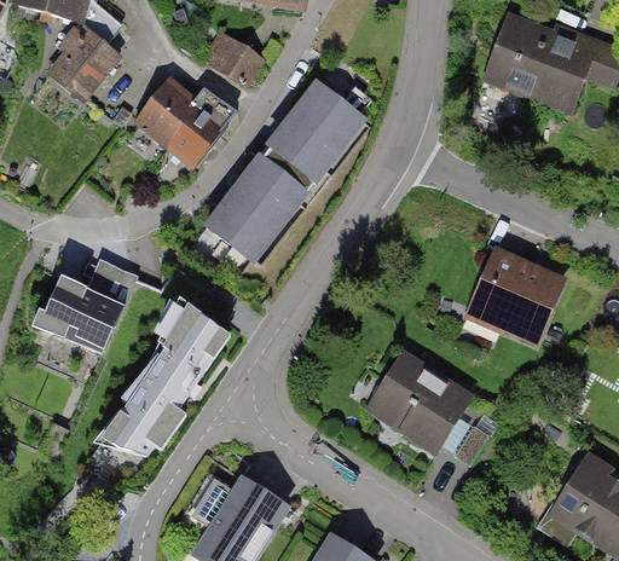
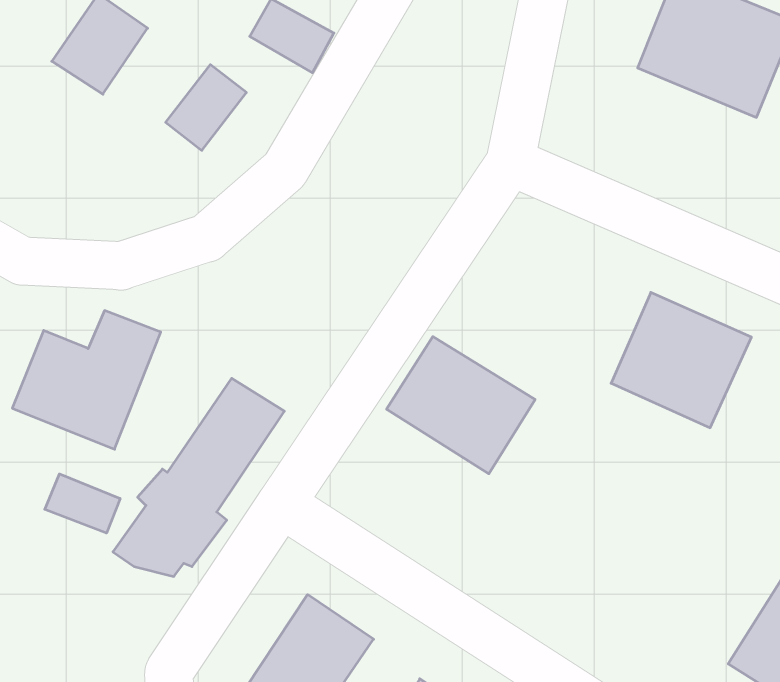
building: [213,87,371,278] -> none
building: [167,100,227,164] -> none
building: [371,351,480,451] -> [387,337,535,474]
building: none -> [45,474,120,533]

